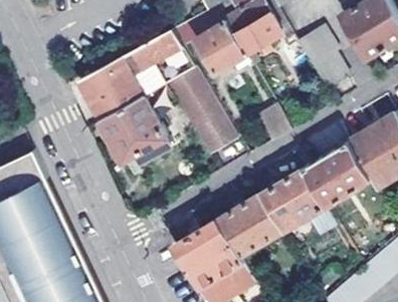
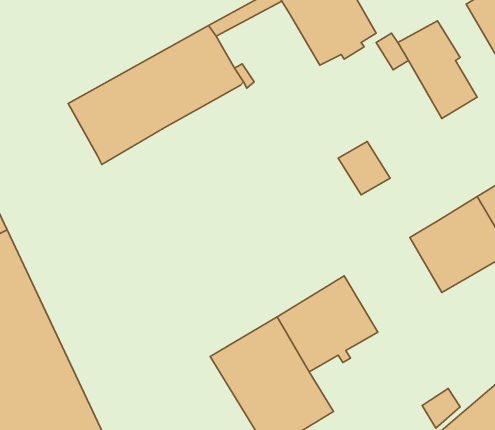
building: [193,21,245,71] -> none
building: [167,68,234,153] -> none
building: [101,96,178,168] -> none
building: [260,169,337,235] -> none

